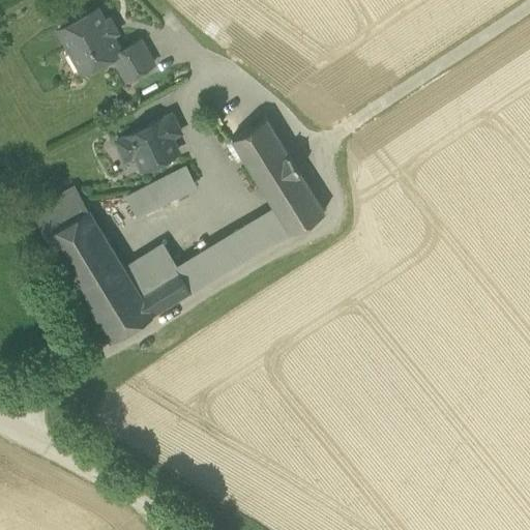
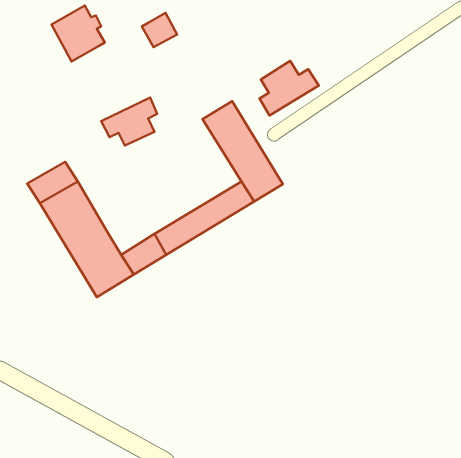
building: [114,41,154,81] -> [142,13,177,47]
building: none -> [260,61,319,115]
building: [127,169,195,215] -> none
building: [124,248,176,296] -> none

